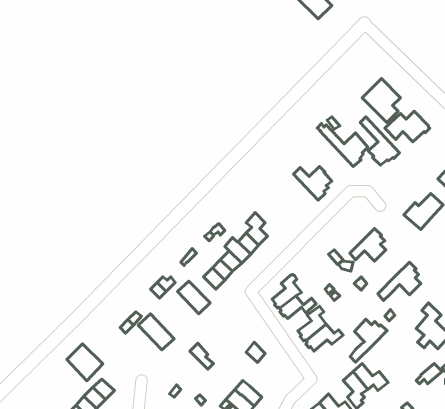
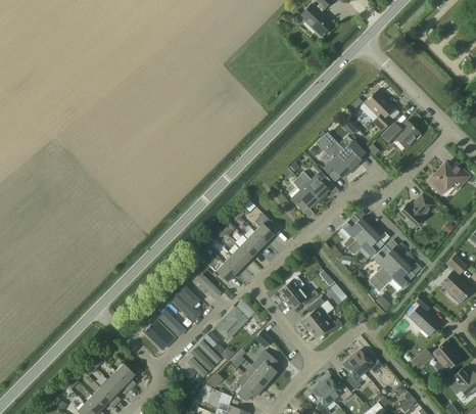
building: [360,117,400,165] -> [316,137,351,181]
building: none -> [290,177,320,212]
building: none -> [341,216,371,248]
building: none -> [171,284,207,321]
building: none -> [215,307,250,342]
building: [350,319,387,362] -> [369,246,402,285]
building: [67,344,103,381] -> [143,320,176,354]
building: none -> [190,341,223,374]
building: none -> [251,355,282,379]

